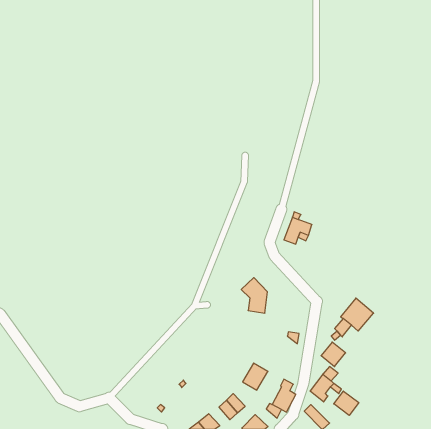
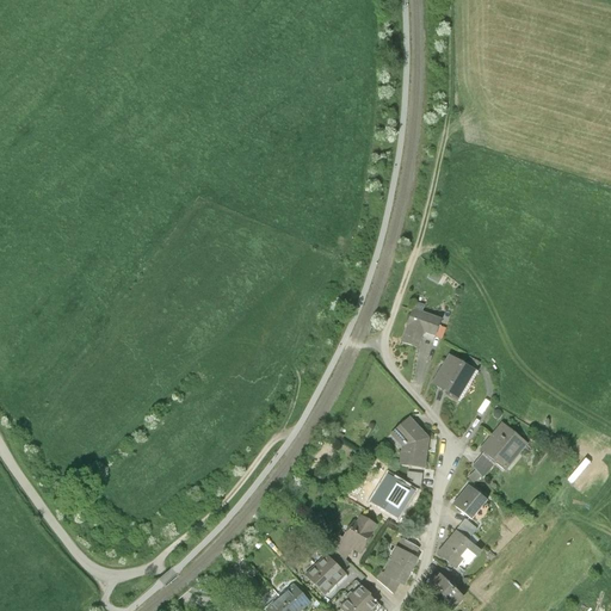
building: none -> [433,353,475,396]
building: [241,278,267,313] -> [391,415,428,465]
building: none -> [372,474,415,517]
building: [334,391,359,415] -> none

